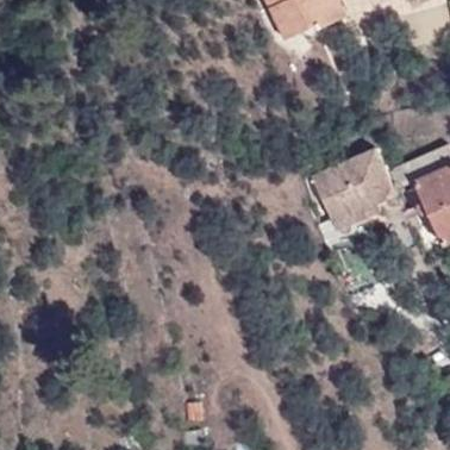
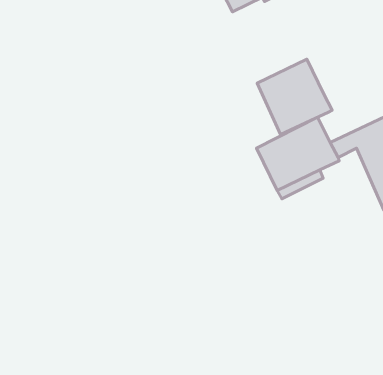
building: none -> [257,59,332,135]

